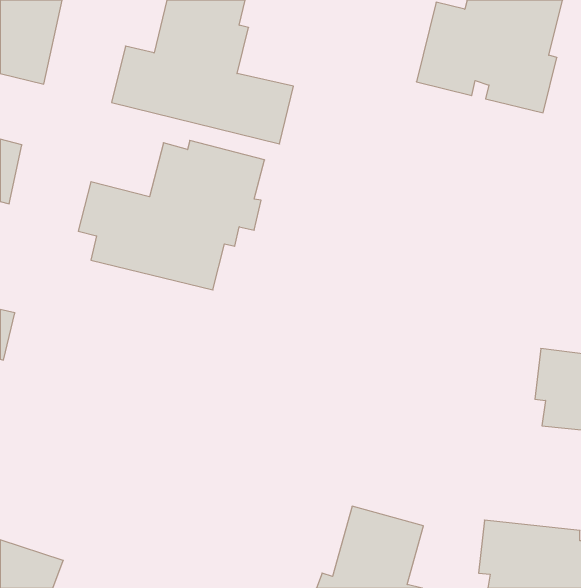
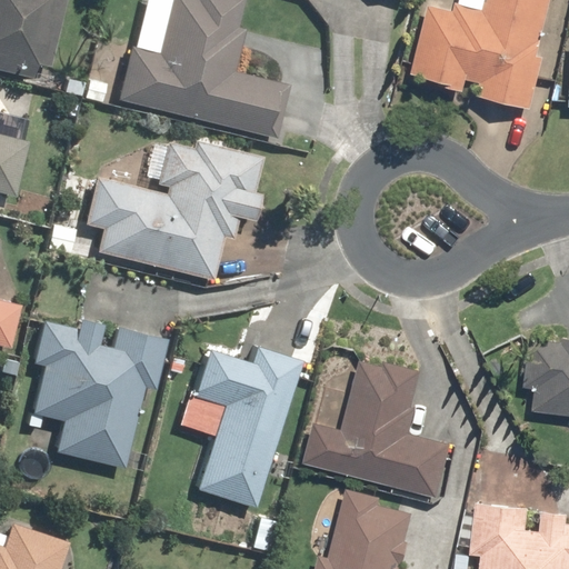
building: none -> [28,318,168,468]
building: none -> [179,345,302,509]
building: none -> [302,355,453,498]

